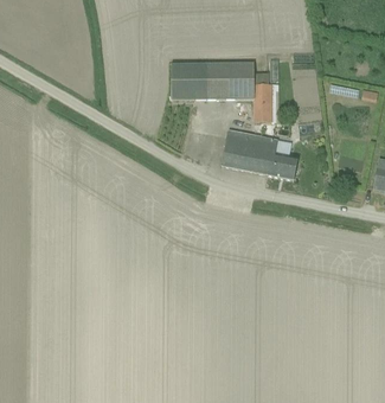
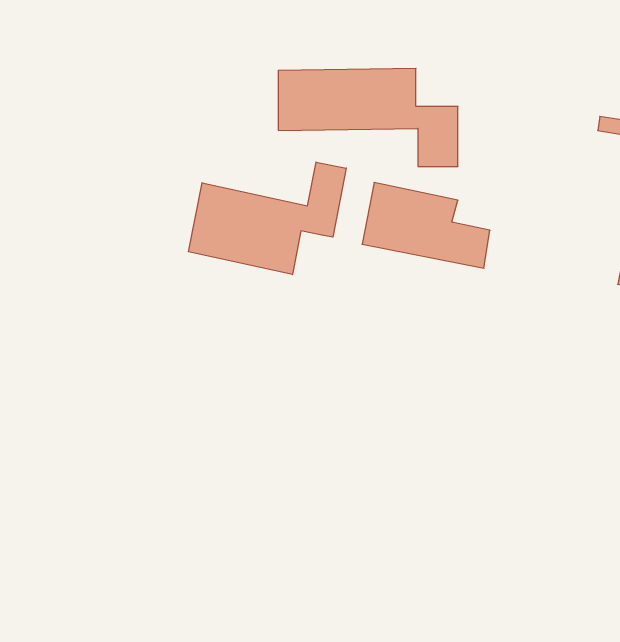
building: none -> [188,162,346,275]

